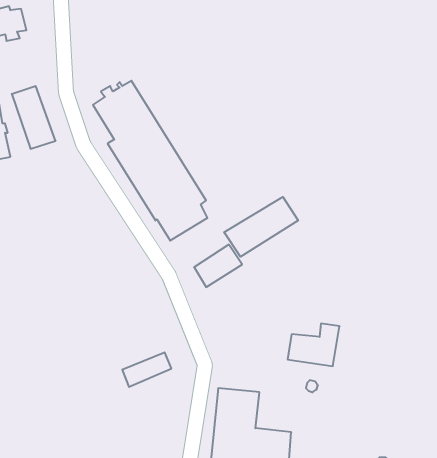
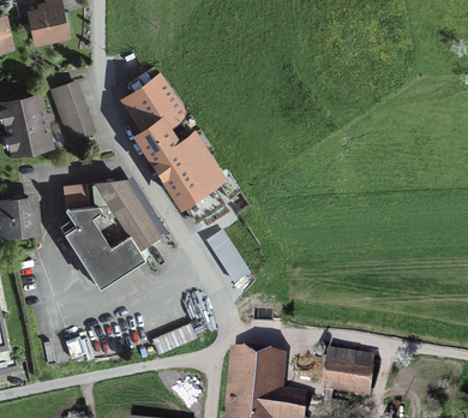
building: none -> [62,179,157,285]
building: [224,197,298,257] -> none
building: [288,324,340,366] -> [323,354,370,393]

